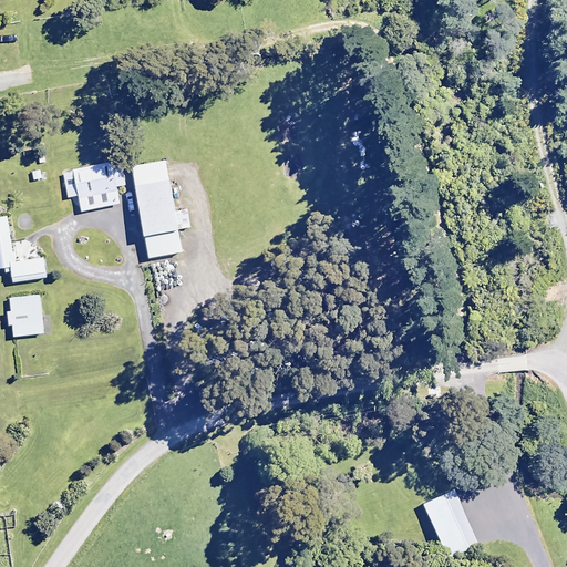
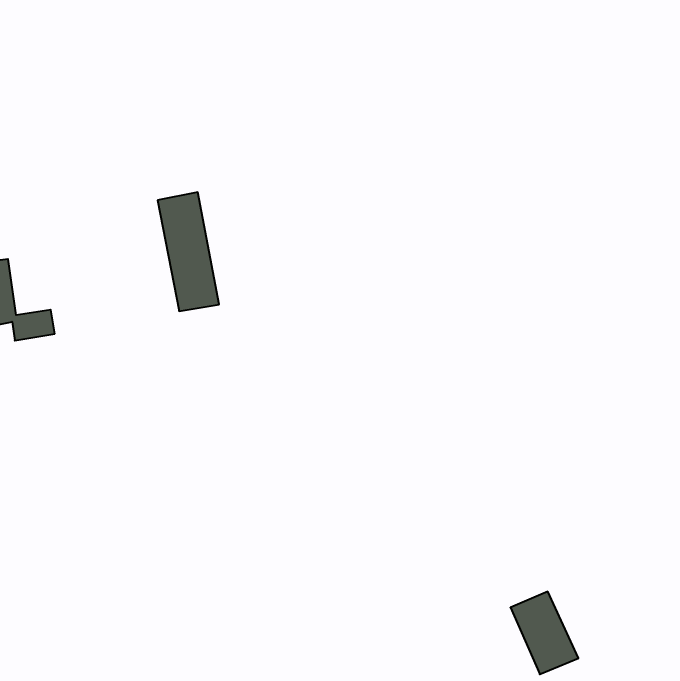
building: [62,161,124,212] -> none
building: [9,293,43,337] -> none

